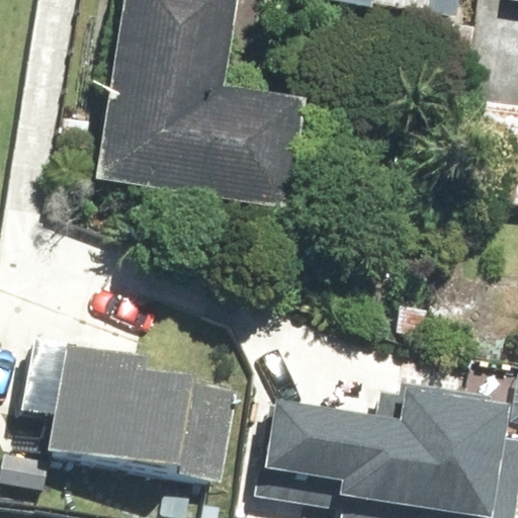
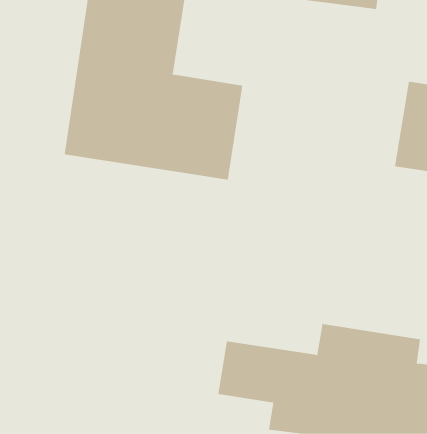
building: [26,339,239,481] -> none

